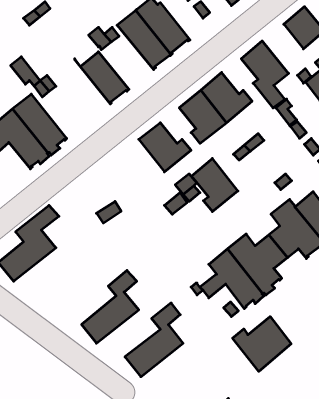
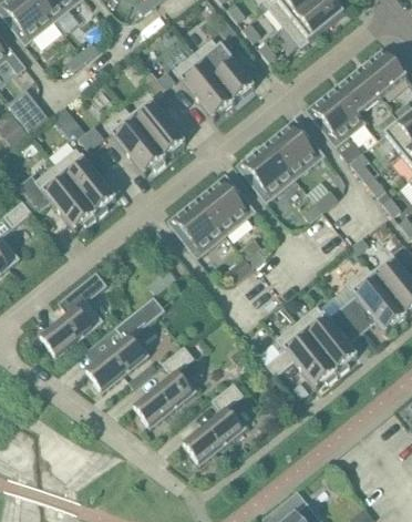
building: none -> [336,68,382,123]
building: none -> [104,108,166,174]
building: [192,158,238,212] -> [174,197,226,257]
building: none -> [85,295,165,391]
building: [233,317,291,371] -> none

